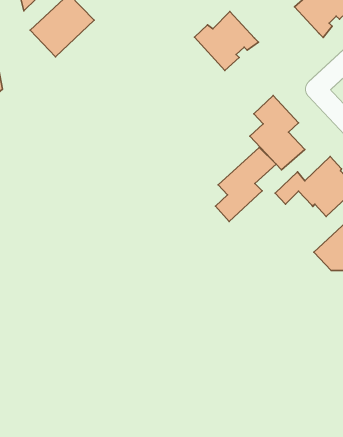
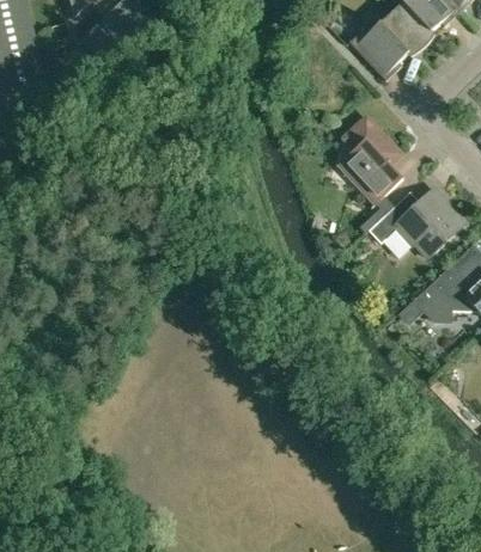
building: [194,12,258,71] -> [348,10,424,79]
building: [216,147,276,222] -> none

